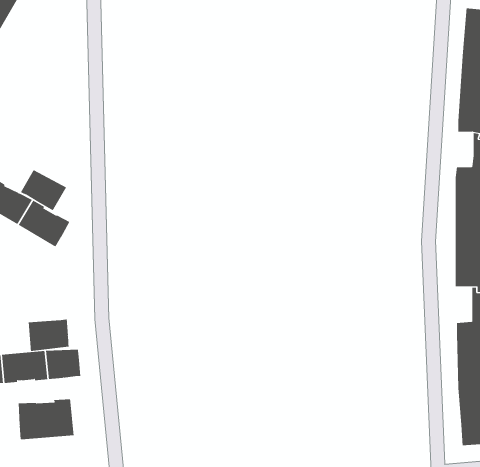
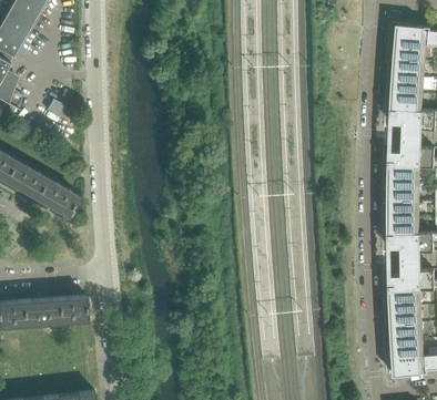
building: [20,168,67,211] -> none
building: [28,319,69,352] -> none
building: [18,399,74,440] -> none

